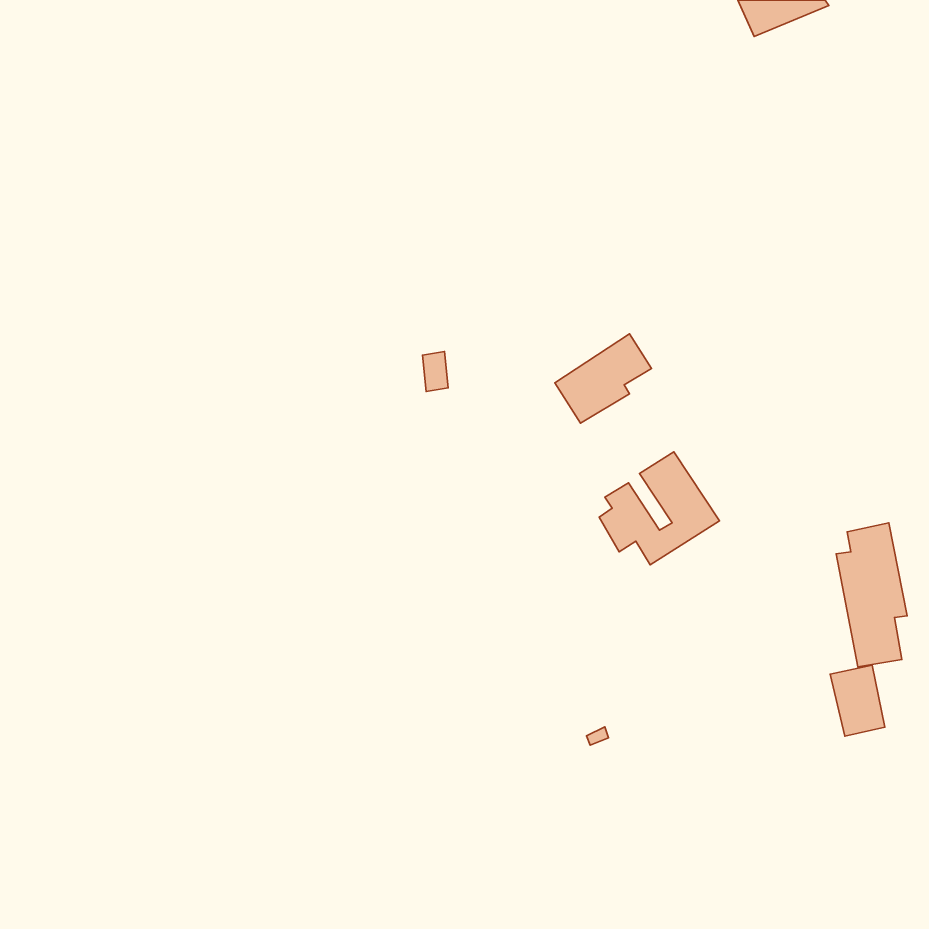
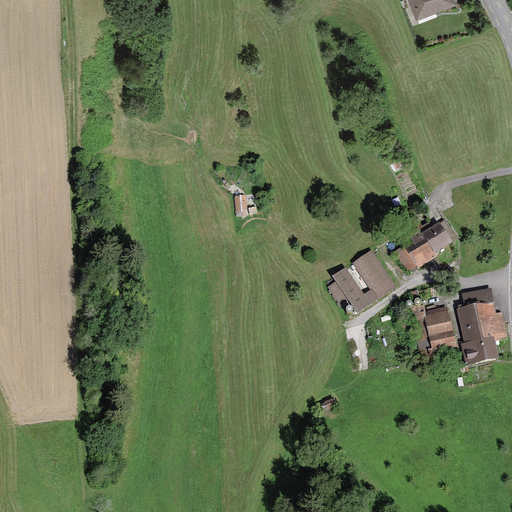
building: [555,334,651,423] -> [397,222,450,271]
building: [830,665,885,736] -> [424,308,454,347]

